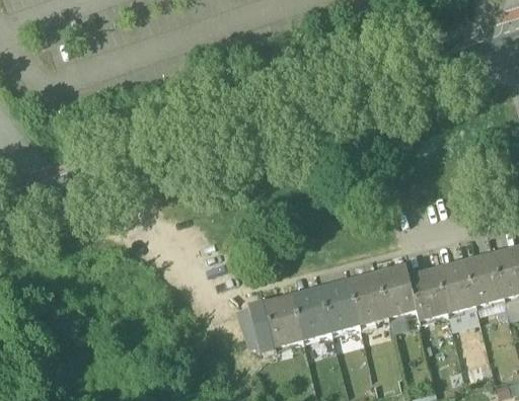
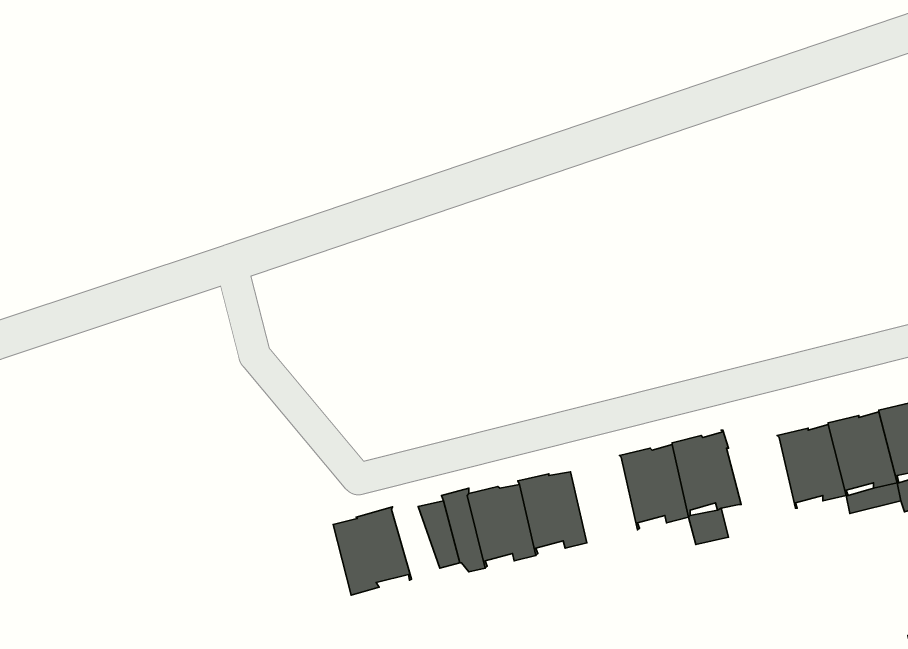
building: [409,270,447,318] -> none
building: [320,282,359,329] -> none
building: none -> [333,507,412,595]

